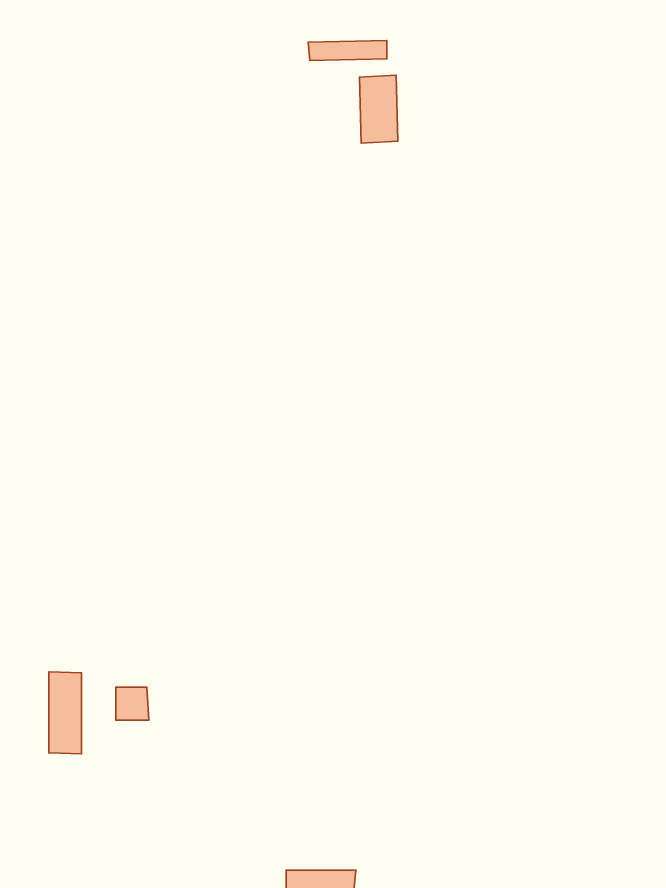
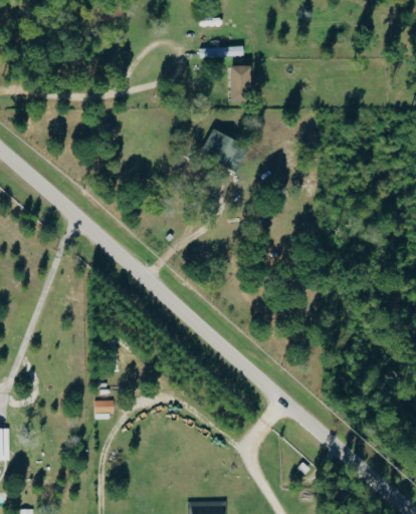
building: none -> [199,130,248,172]
building: [49,672,81,754] -> none

